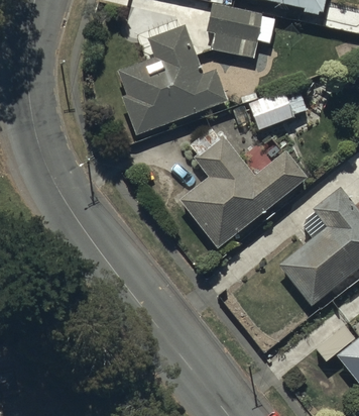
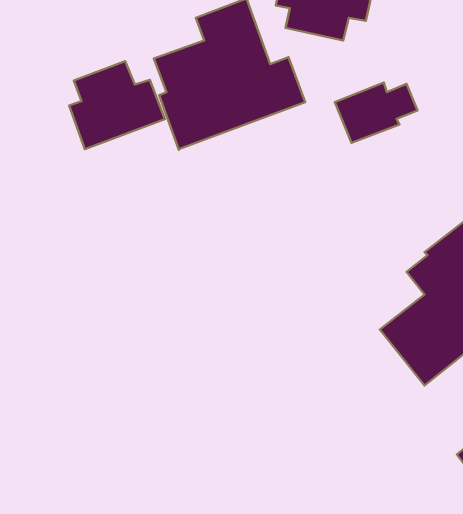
building: none -> [69,61,165,149]
building: [181,125,308,248] -> none

